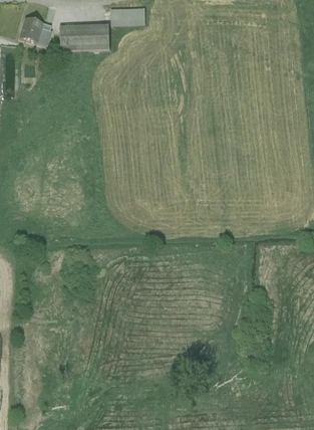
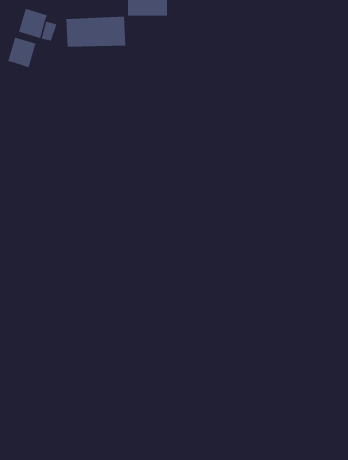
building: none -> [8,37,36,68]

